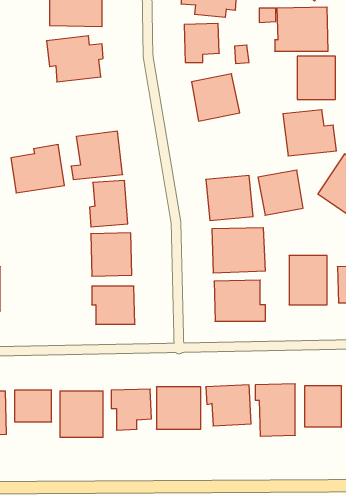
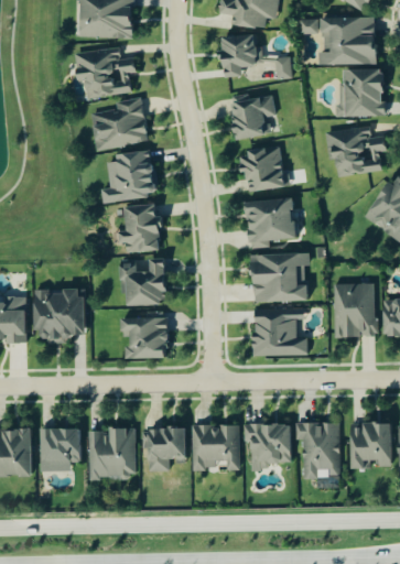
building: [11,145,64,193] -> [90,97,148,149]
building: [258,170,303,215] -> [239,144,288,193]
building: none -> [33,289,84,339]

